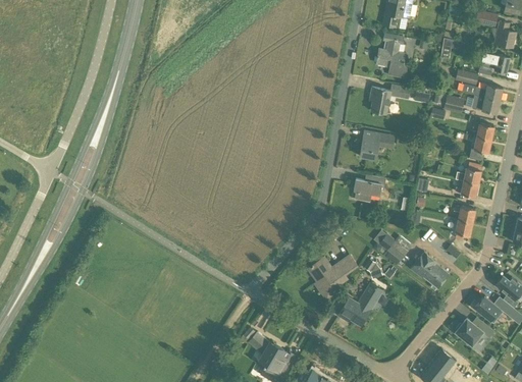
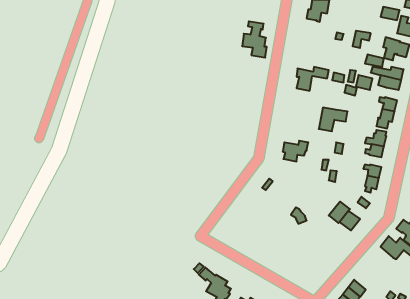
building: [376,34,407,78] -> [242,21,267,58]
building: [359,130,395,160] -> [319,108,348,131]
building: [378,233,412,266] -> none
building: [308,255,357,299] -> none
building: [337,283,382,326] -> none
building: [454,317,494,347] -> none

